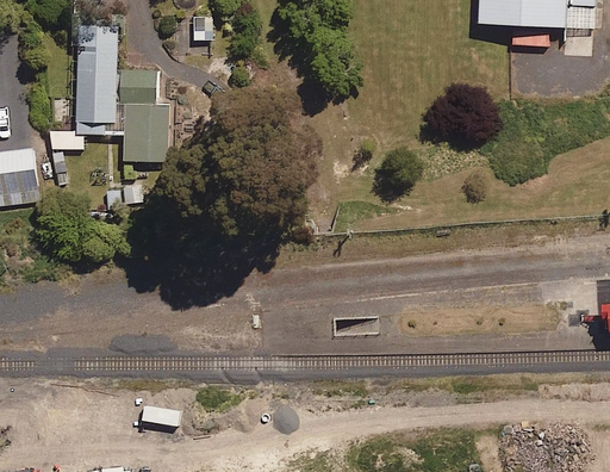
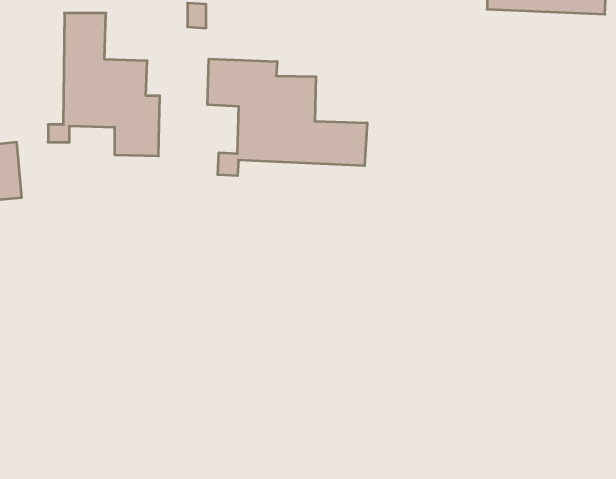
building: none -> [208,59,367,176]

